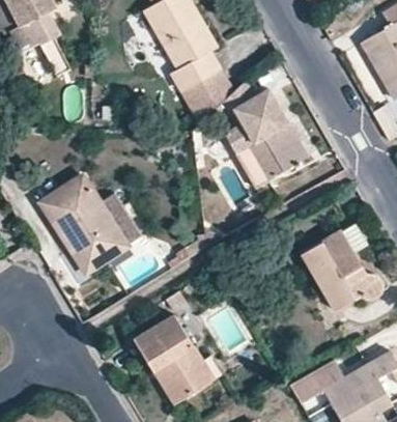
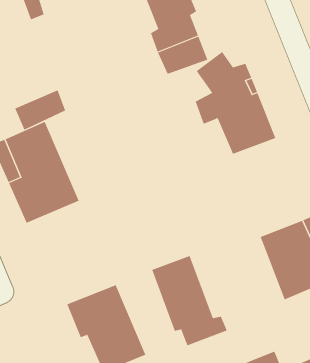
building: none -> [14,90,66,130]
building: none -> [152,255,227,346]

